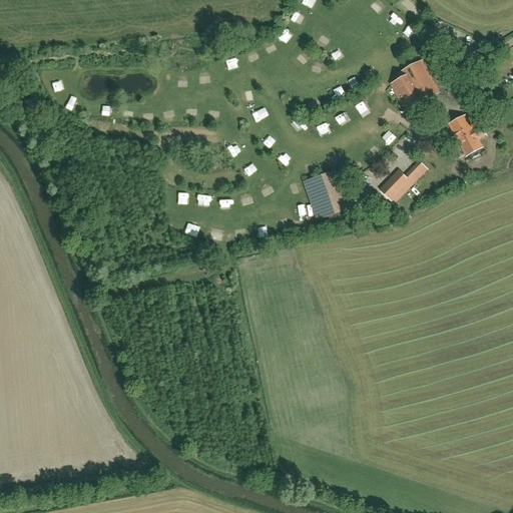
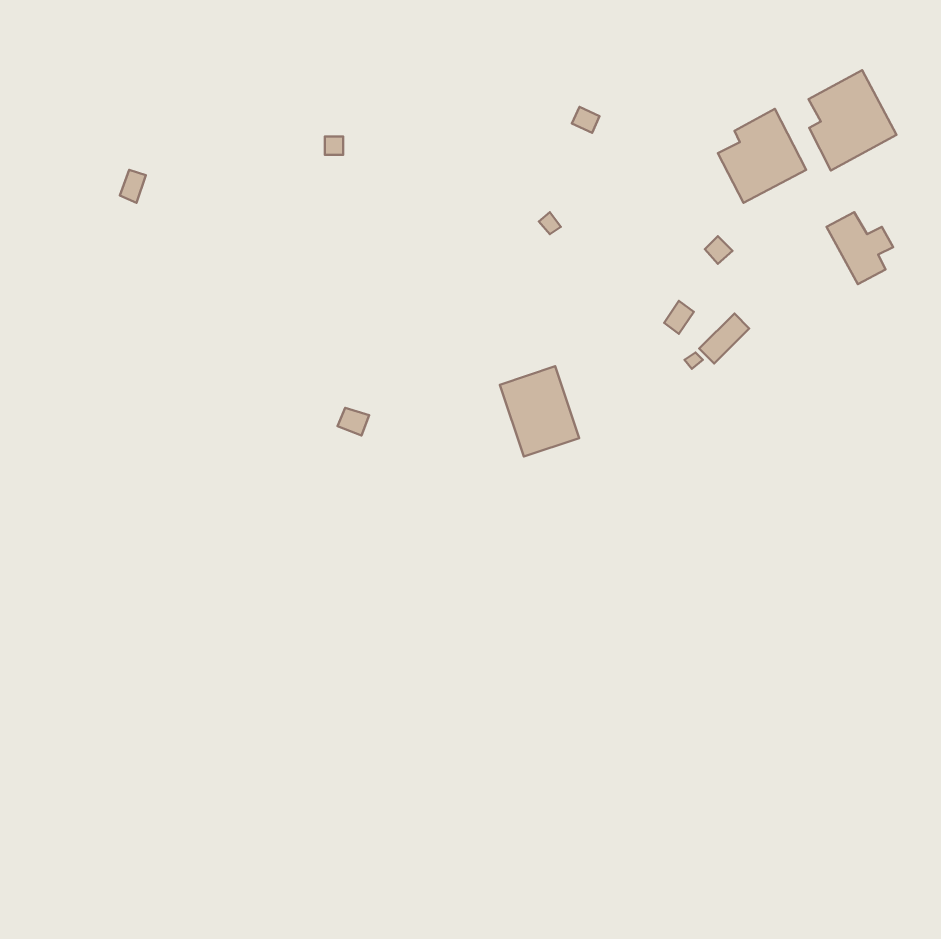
building: none -> [808,70,896,170]
building: [303,170,346,219] -> [500,366,579,457]

